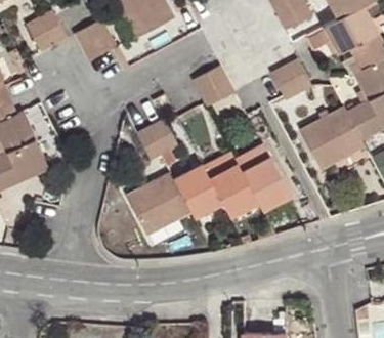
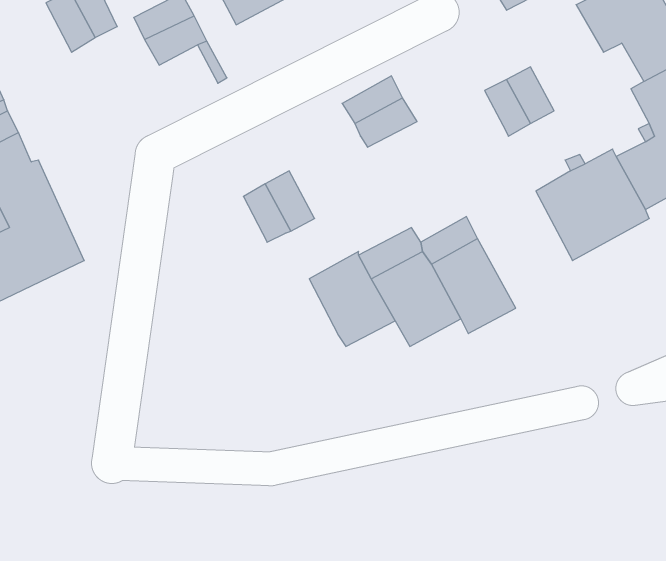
building: [126,171,190,234] -> none

